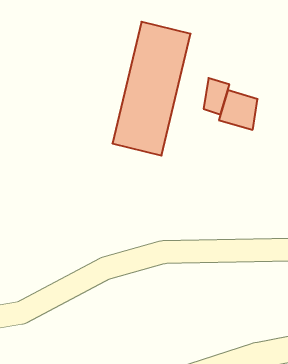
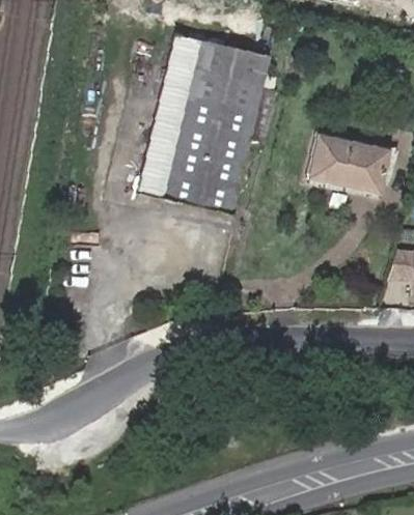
building: none -> [140,35,204,197]
building: [204,78,229,114] -> [348,140,381,187]

